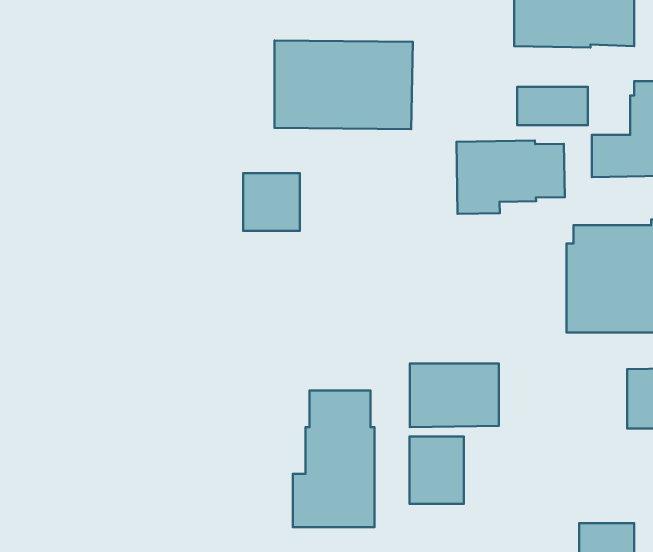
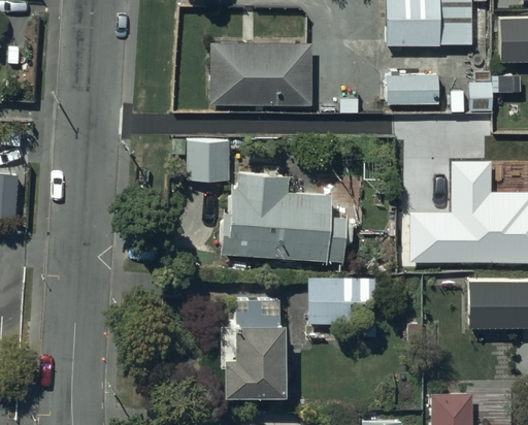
building: [456,141,565,214] -> none
building: none -> [221,173,345,262]
building: [409,436,464,504] -> none

